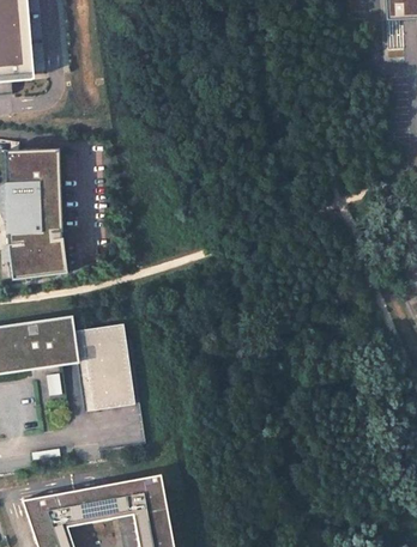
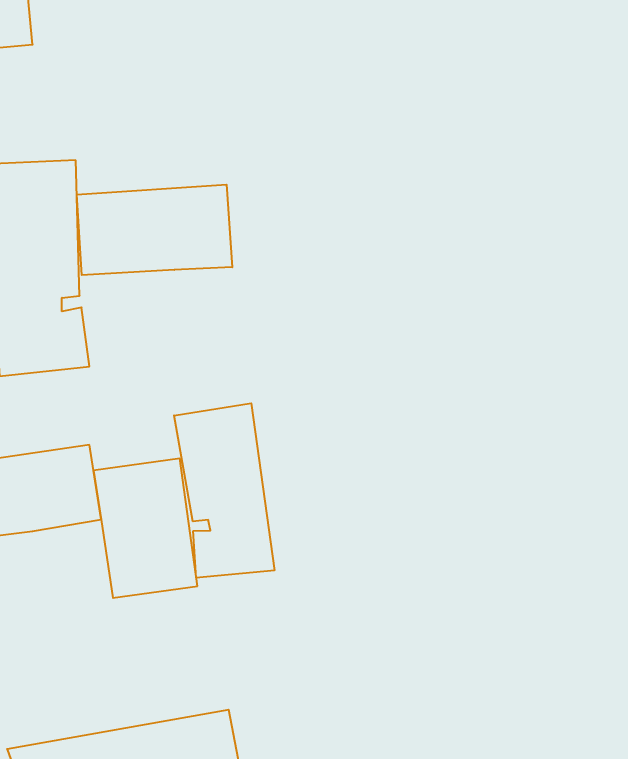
building: none -> [77,185,232,275]
building: none -> [174,403,274,578]

